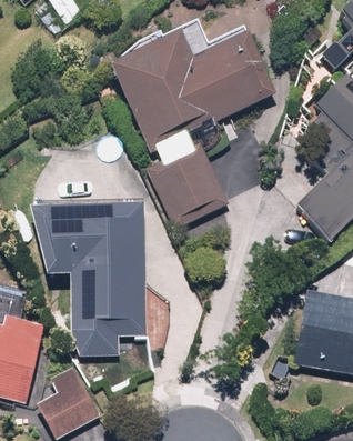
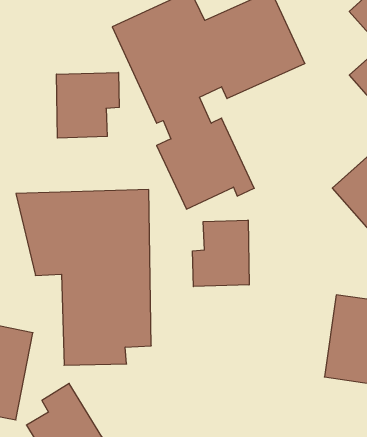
building: none -> [57,72,119,138]
building: none -> [193,220,249,287]

